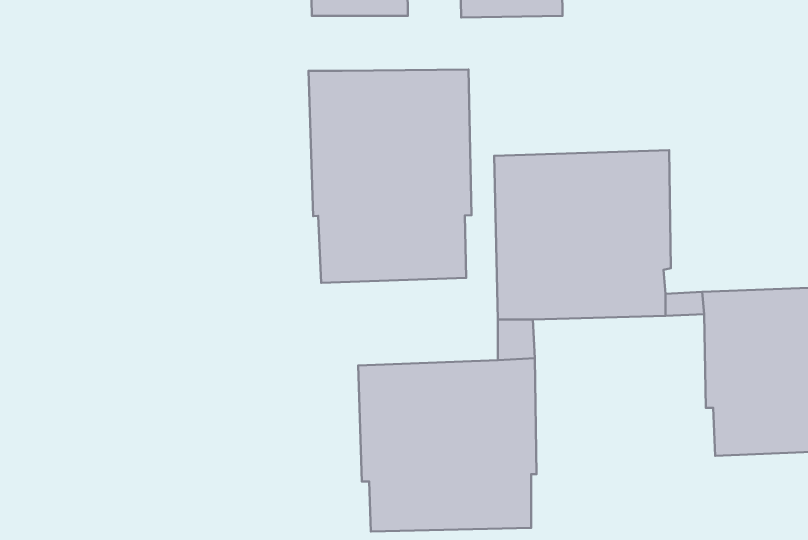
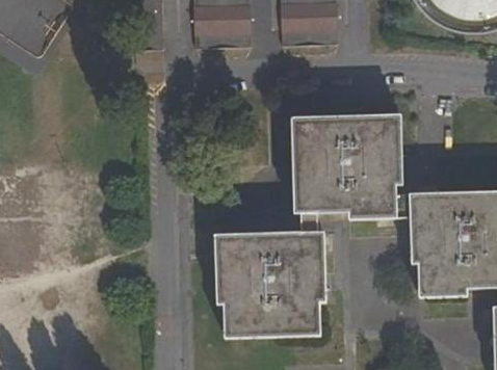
building: [308,69,472,283] -> none

